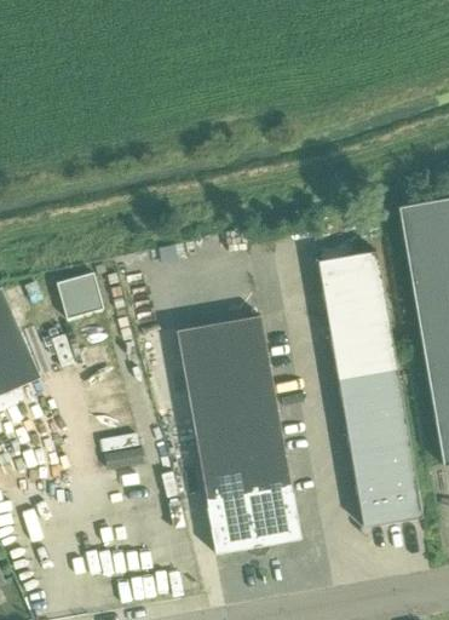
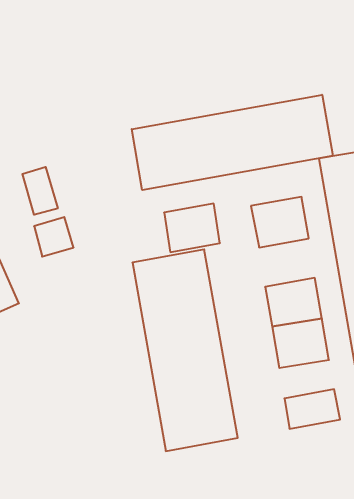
building: none -> [132,95,333,190]
building: none -> [22,167,58,215]
building: [327,300,393,358] -> [164,204,220,252]
building: [351,446,416,492] -> none

